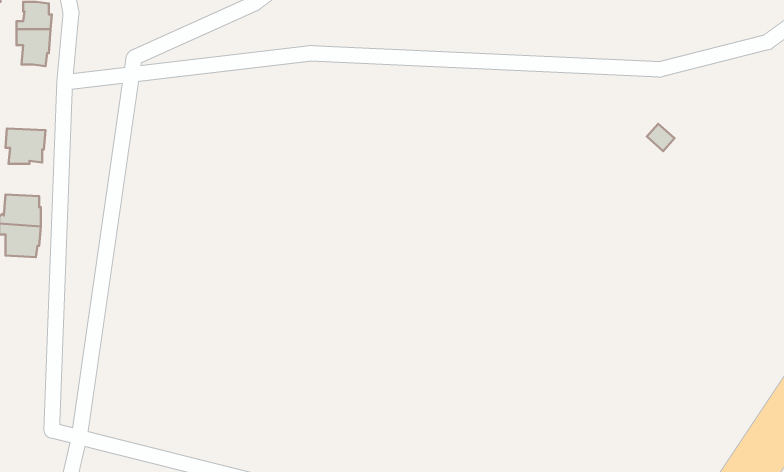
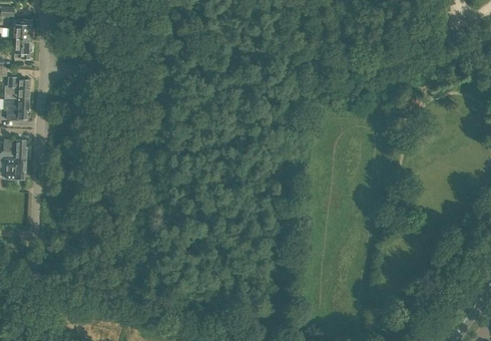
building: none -> [5,77,30,99]

